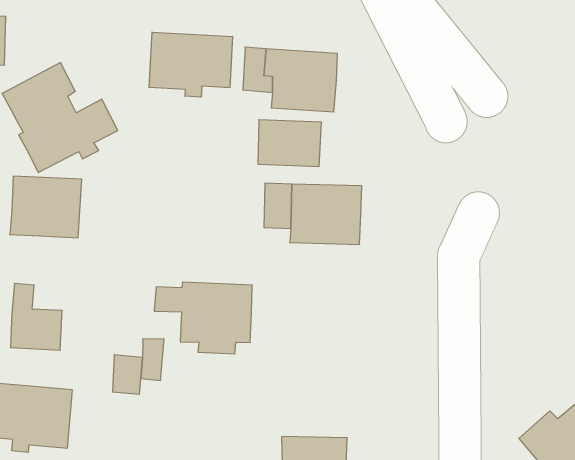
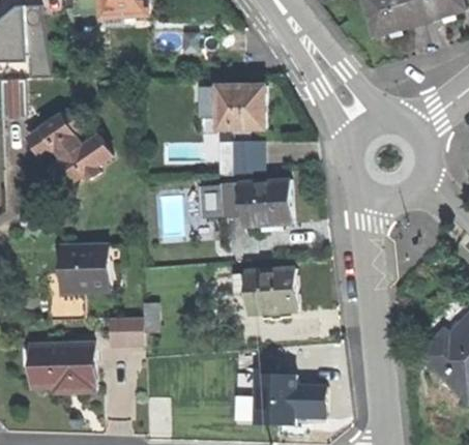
building: [149,32,233,97] -> none
building: [10,176,82,238] -> [59,245,110,290]
building: [154,282,252,354] -> [228,268,299,320]

